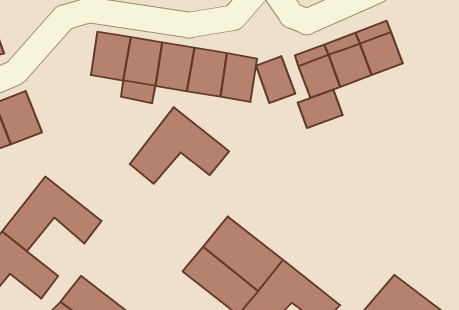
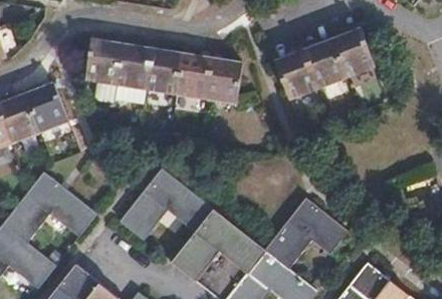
building: [256,56,295,103] -> none
building: none -> [25,82,67,131]
building: [298,89,343,128] -> none
building: [130,107,229,184] -> [121,169,213,240]
building: none -> [264,198,348,269]

